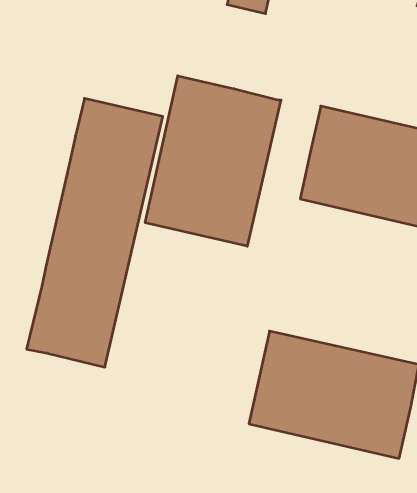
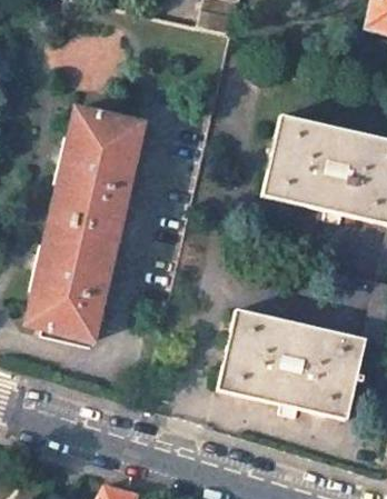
building: [145,76,281,246] -> none

